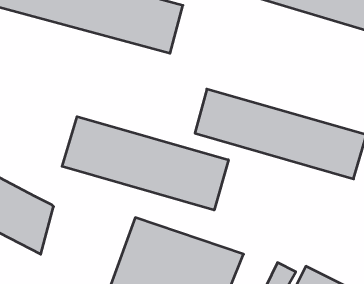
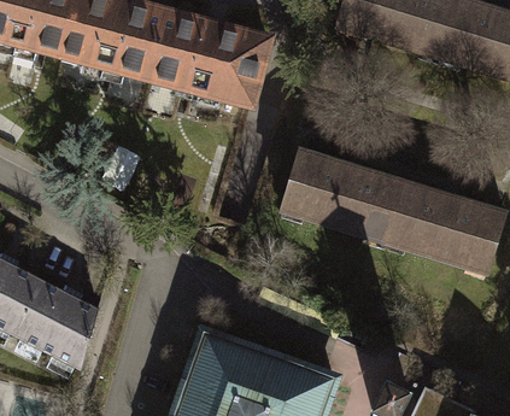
building: [62,117,228,210] -> none

